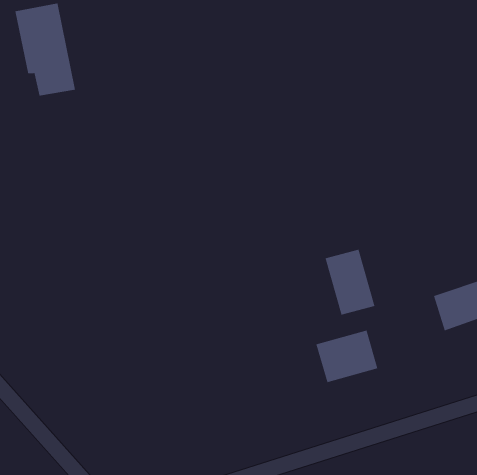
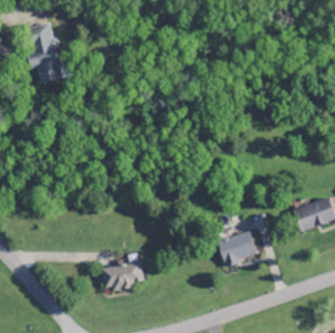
building: [325,249,375,316] -> none
building: none -> [101,261,144,291]

